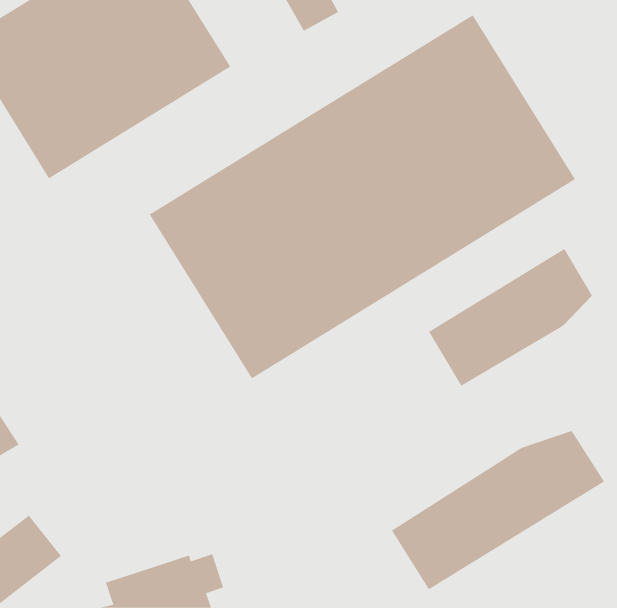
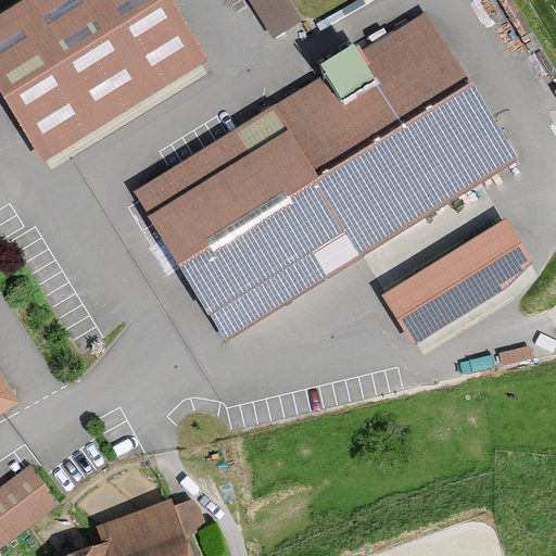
building: [391,430,605,590] -> none

